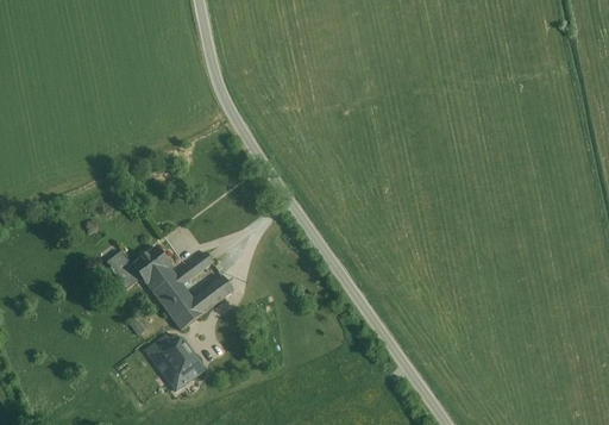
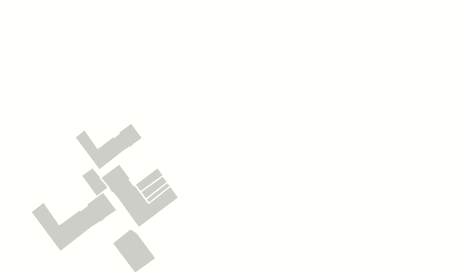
building: none -> [75,123,143,170]
building: none -> [31,192,118,252]

